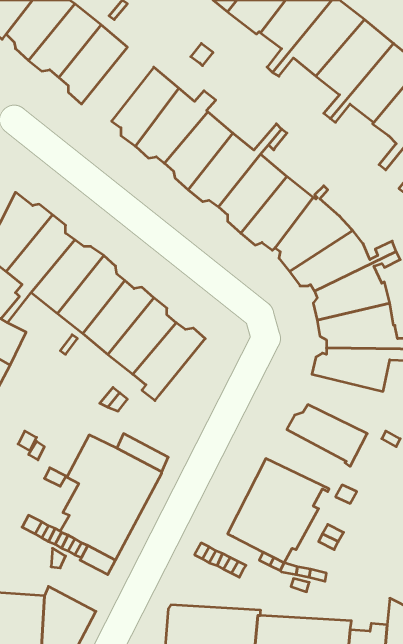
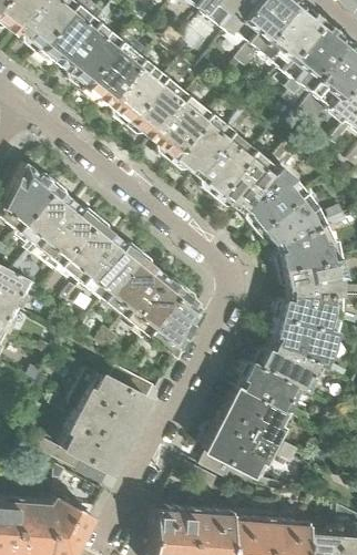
building: none -> [82,41,143,103]
building: none -> [147,286,202,358]
building: none -> [273,316,336,366]
building: none -> [237,360,305,412]

